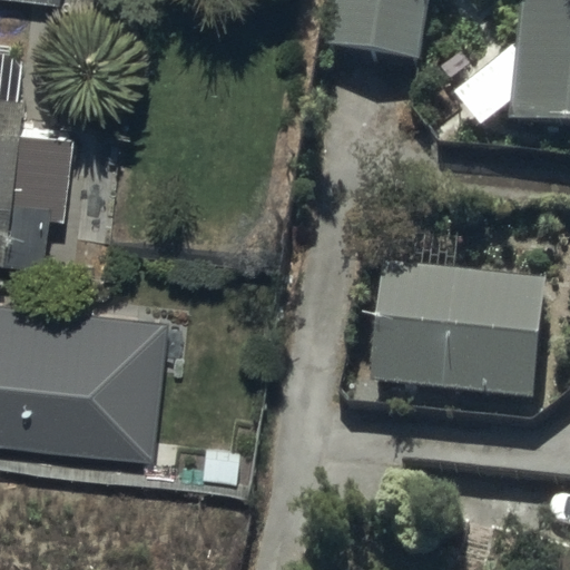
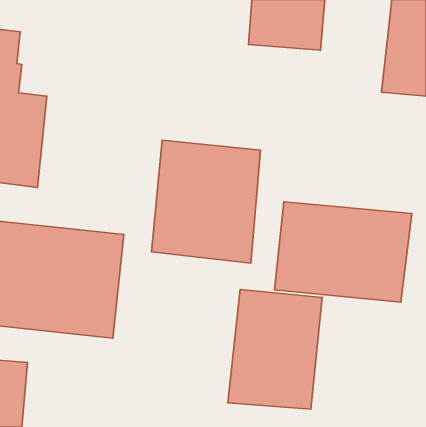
building: none -> [152,140,261,263]
building: none -> [228,290,322,409]

